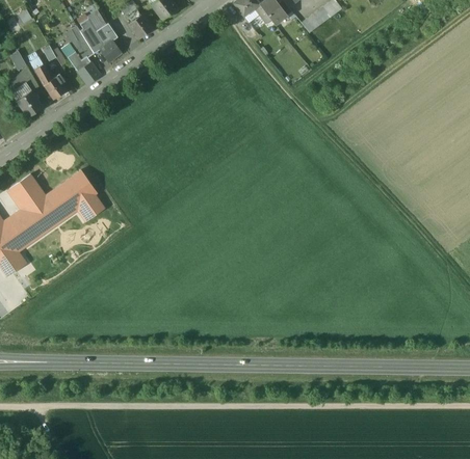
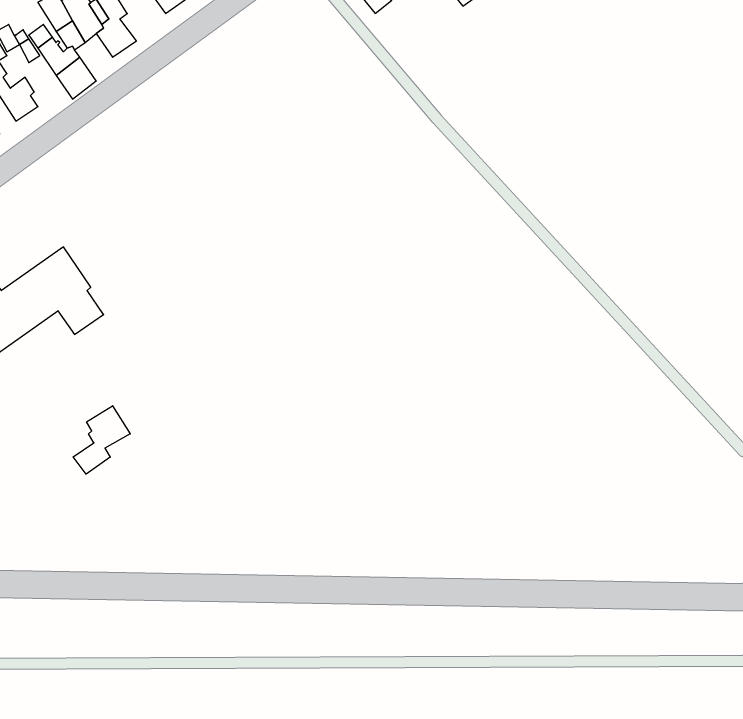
building: none -> [73,406,130,474]

